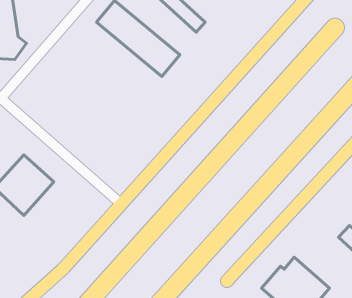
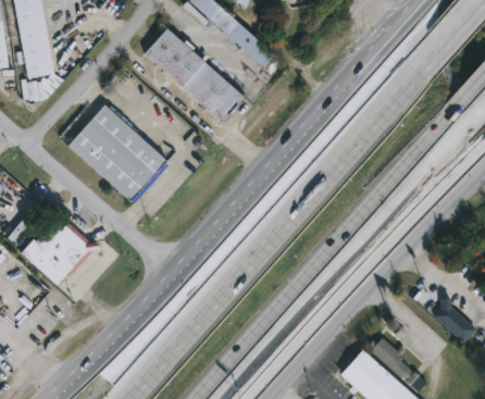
building: none -> [66,104,165,201]

